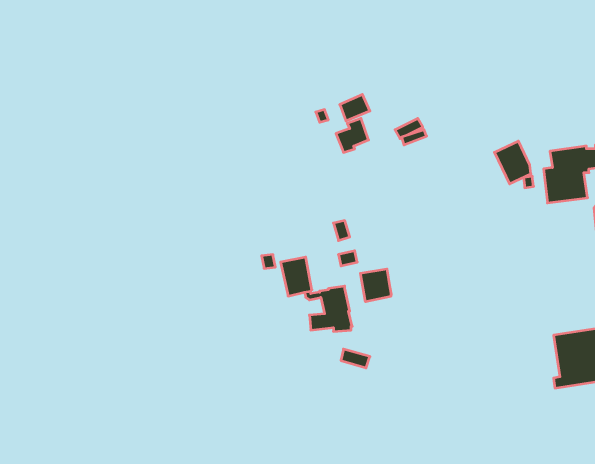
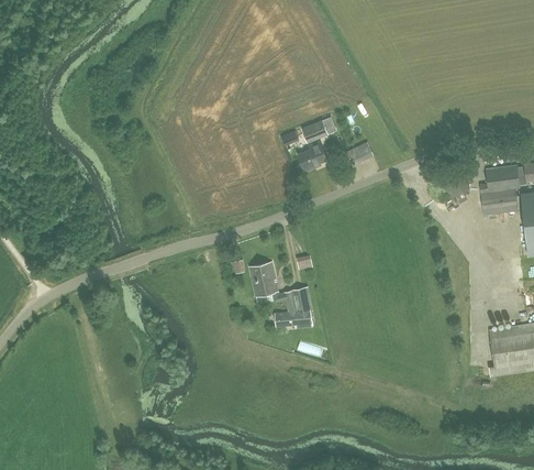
building: [360,269,391,302] -> none

